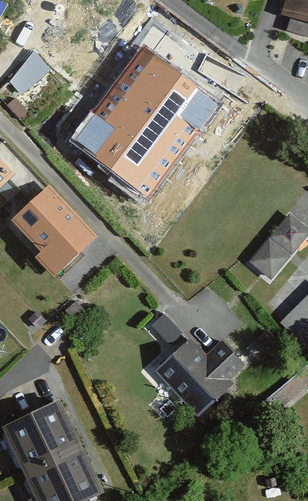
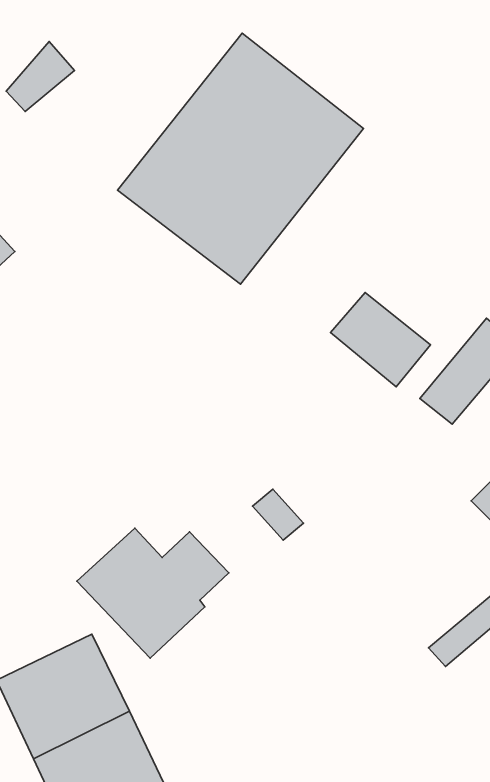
building: [11,186,94,269] -> none
building: none -> [331,292,431,387]
building: [155,338,244,414] -> [77,528,229,658]

